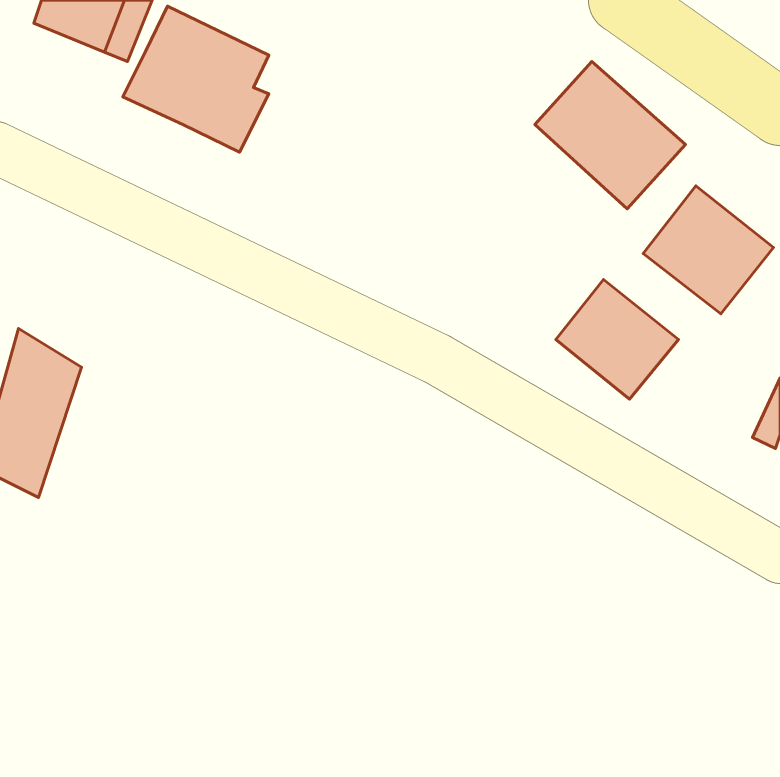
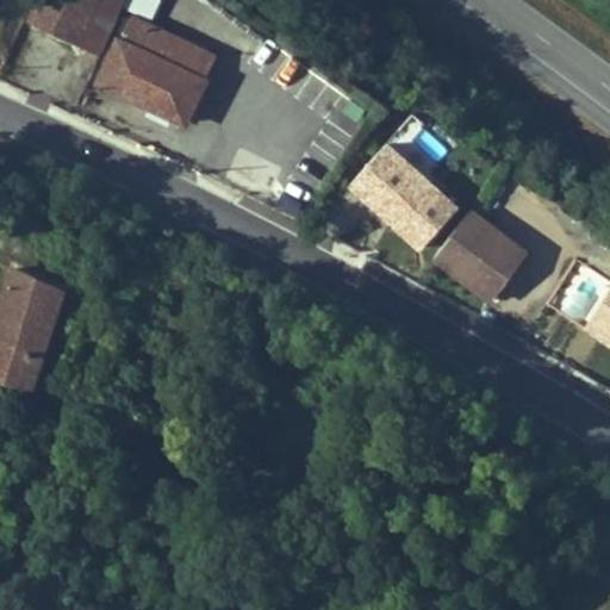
building: [535,62,685,209] -> [343,137,460,251]
building: [643,186,774,314] -> none

